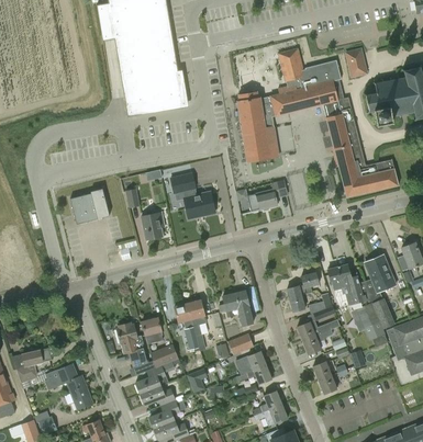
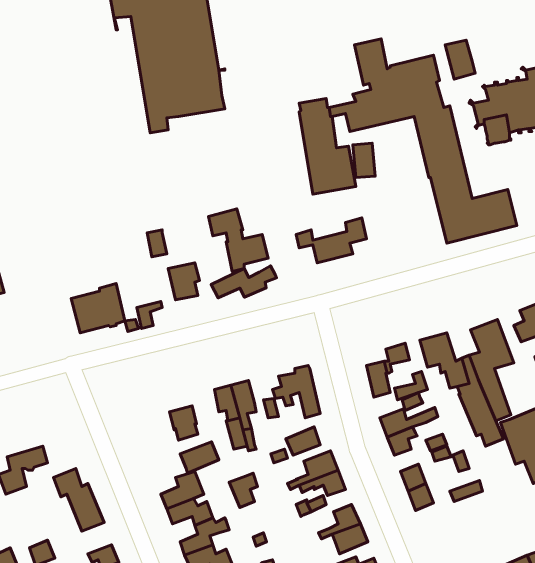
building: [69,189,109,225] -> [71,284,125,333]
building: none -> [211,266,276,298]
building: [116,325,147,366] -> none

